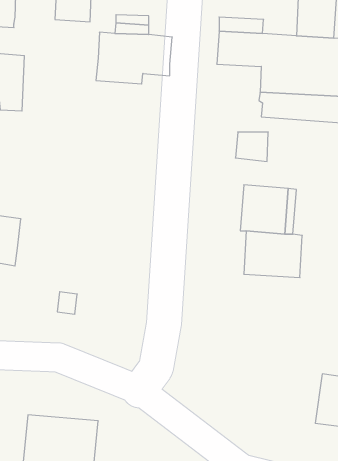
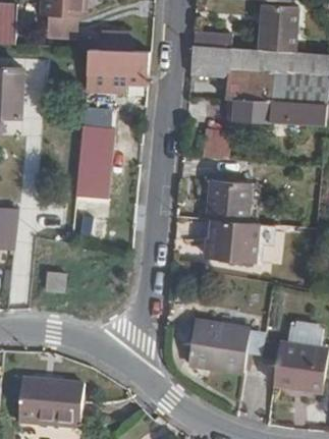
building: none -> [73,125,108,199]
building: none -> [190,324,252,370]

